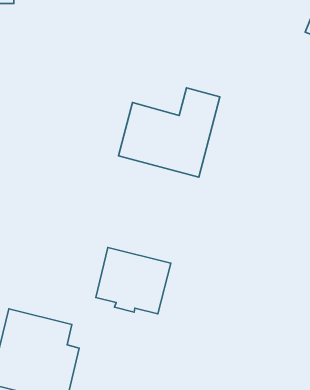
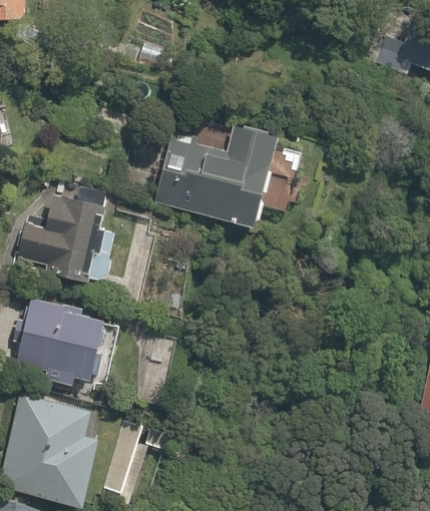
building: none -> [19,188,105,281]
building: [96,247,171,314] -> [18,301,110,382]

